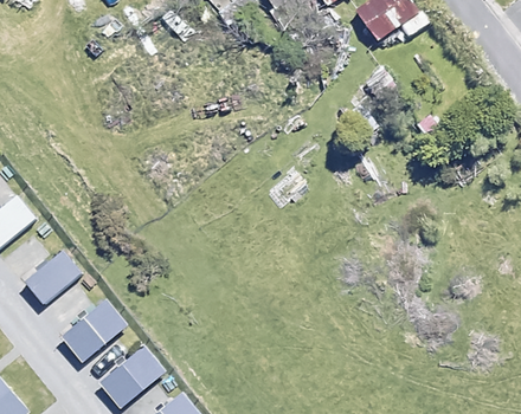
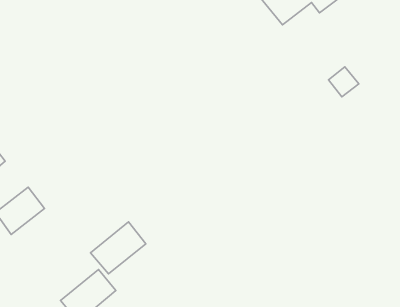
building: [62,298,127,360] -> [90,222,146,274]

